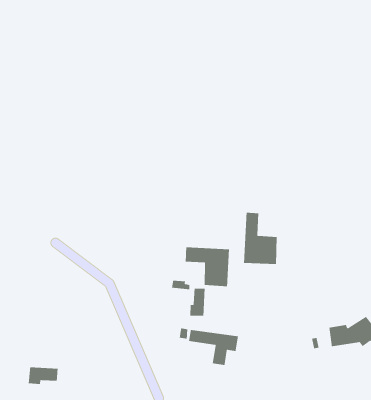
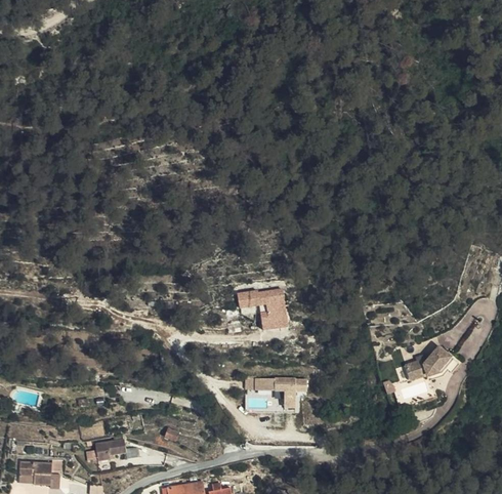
building: [243,212,278,265] -> none
building: [189,288,205,317] -> none

